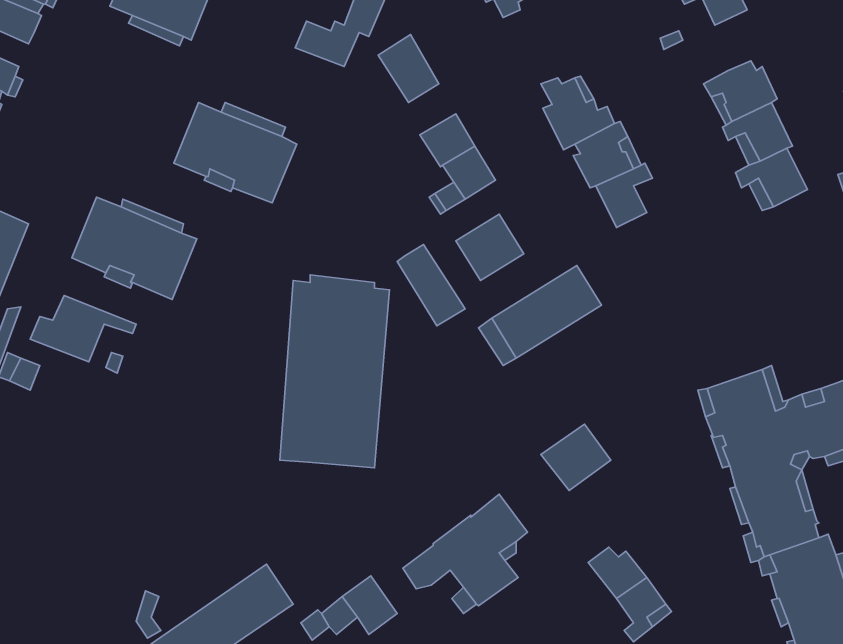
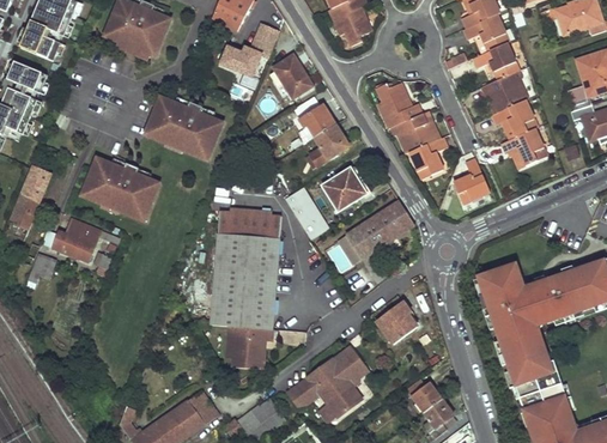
building: none -> [472,40,517,77]
building: none -> [451,157,491,202]
building: none -> [225,324,271,369]

